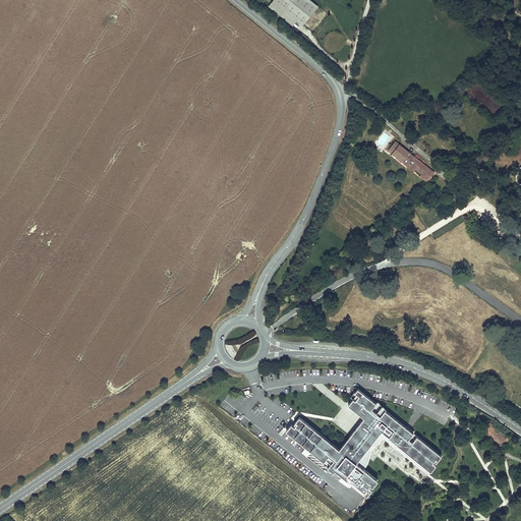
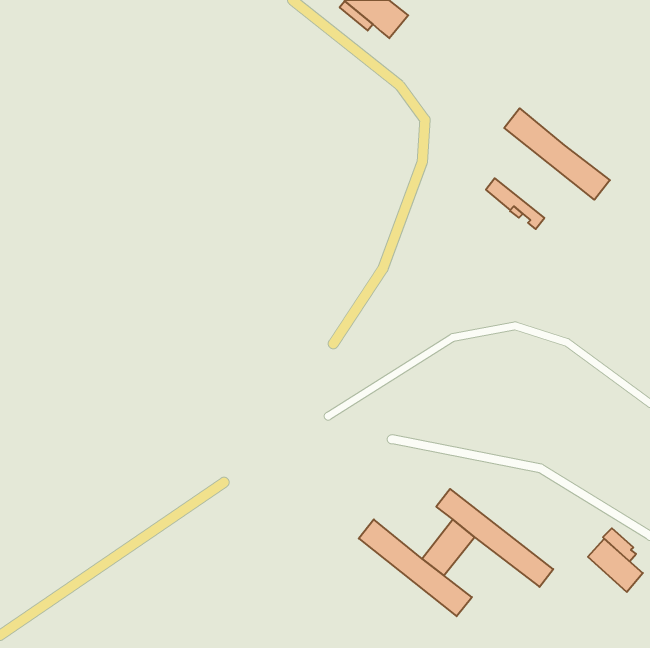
building: none -> [504,108,610,200]
building: none -> [588,539,643,592]

